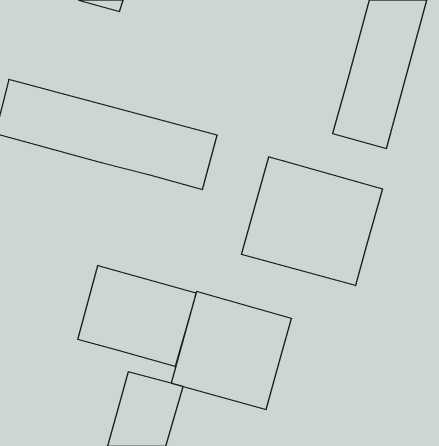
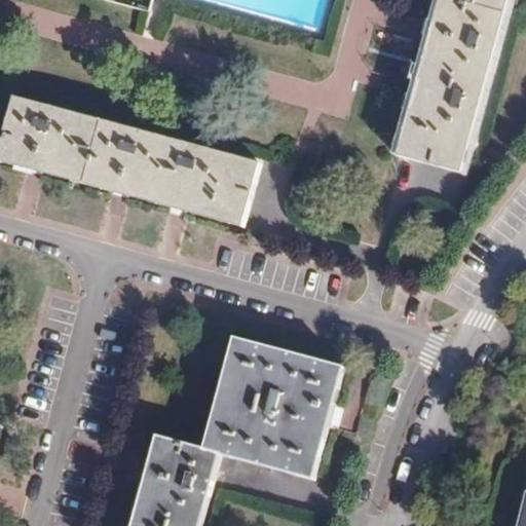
building: [241,157,383,286] -> none
building: [78,265,196,367] -> none

